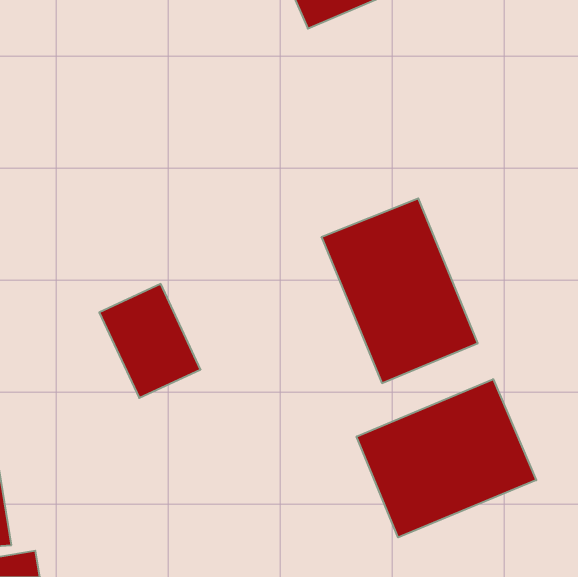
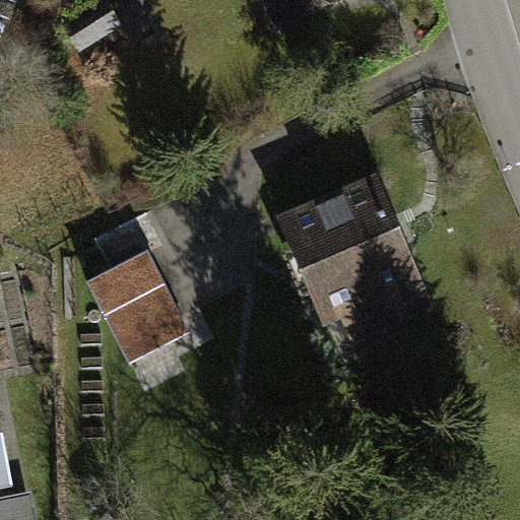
building: [357,379,536,537] -> none

